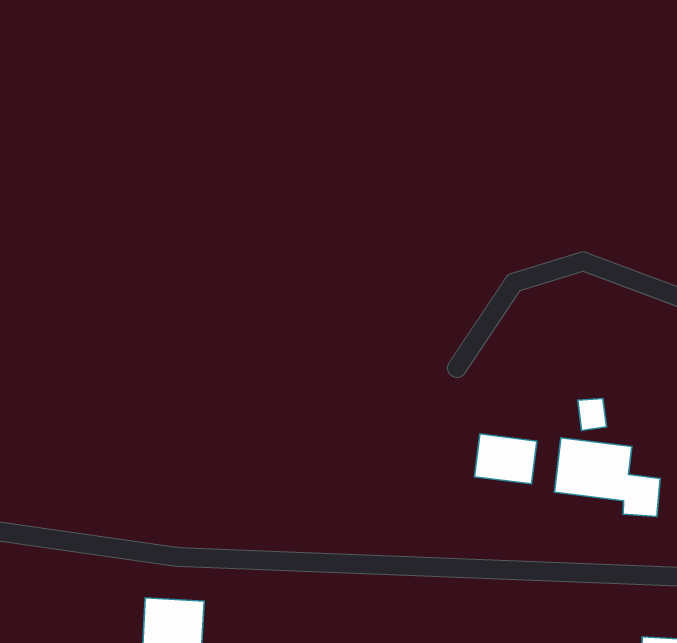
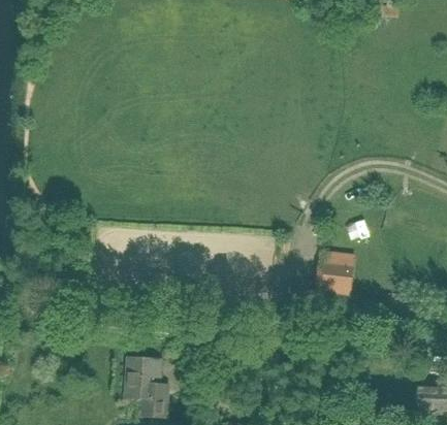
building: [554,438,660,517] -> none

